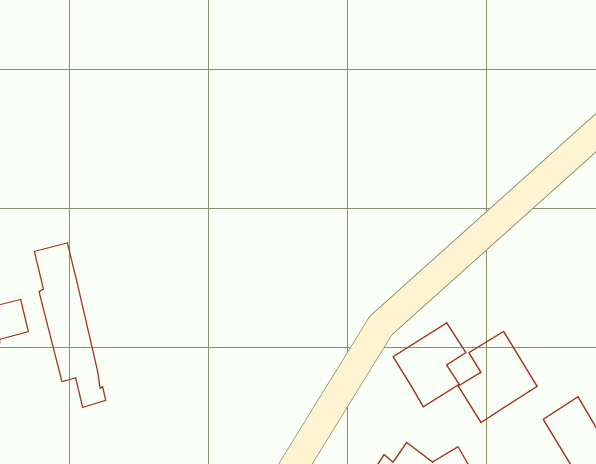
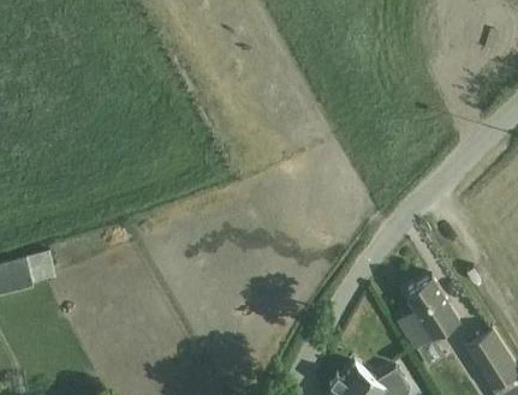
building: [35,243,106,408] -> none
building: [393,323,466,407] -> none

